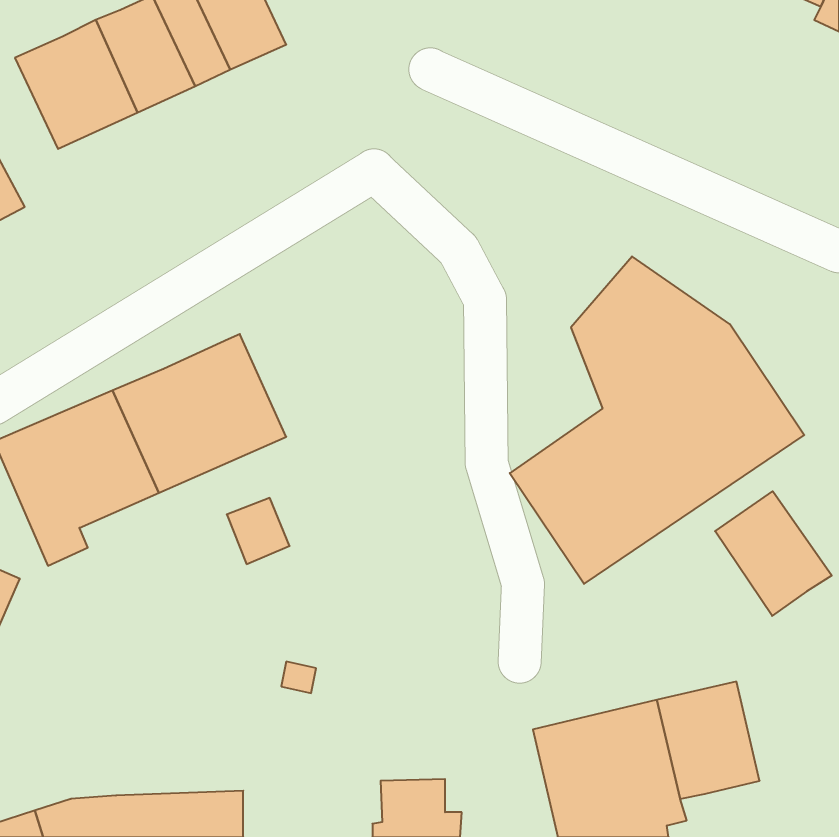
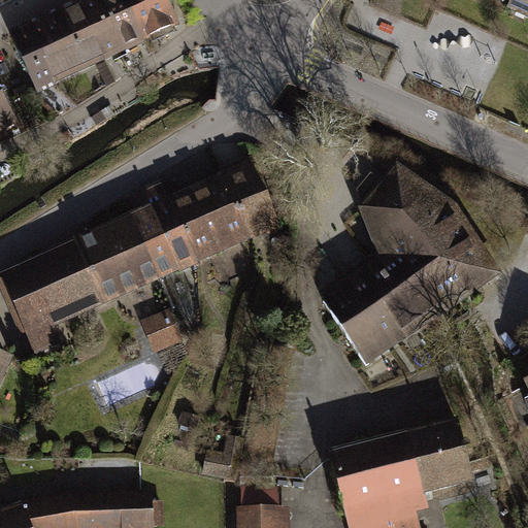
building: none -> [134,163,280,272]
building: [715,491,832,616] -> none

